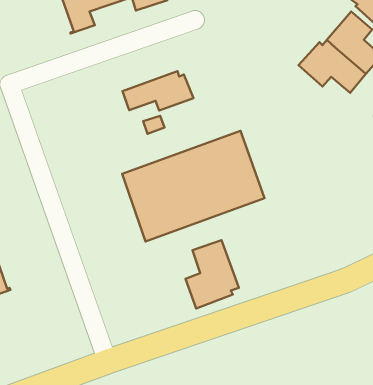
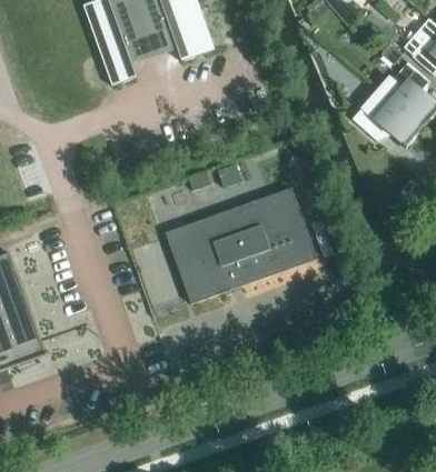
building: [123,71,193,111] -> none
building: [185,240,239,309] -> none

